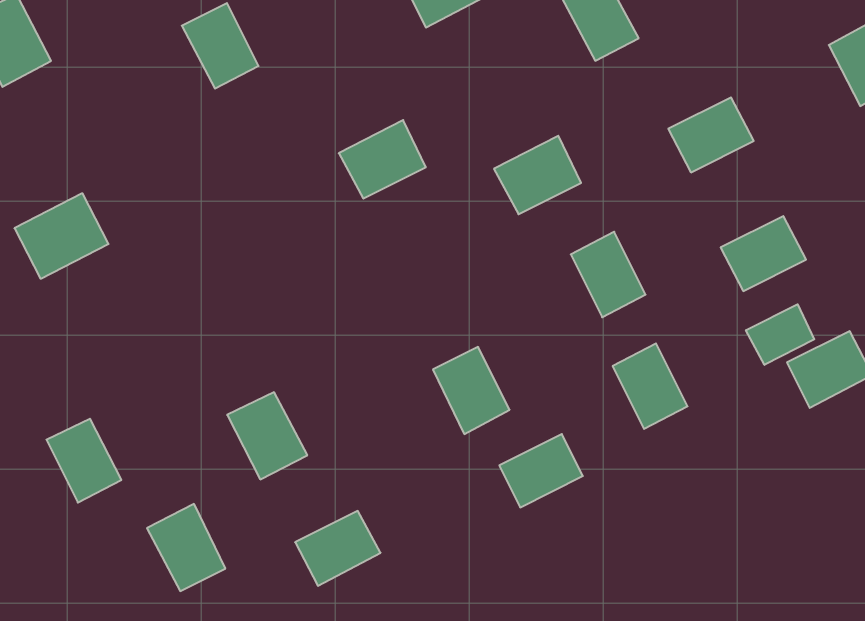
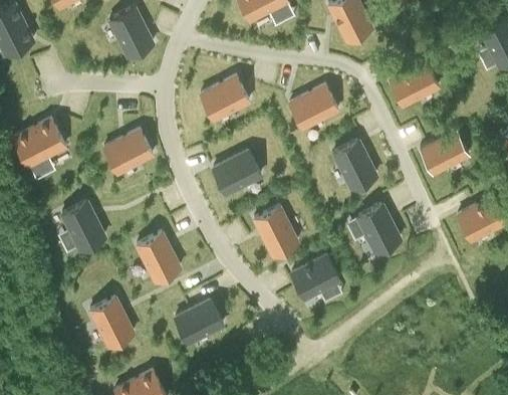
building: none -> [102,130,153,175]
building: none -> [212,152,261,195]
building: [746,304,814,365] -> none
building: [46,419,121,503] -> [61,203,104,251]

